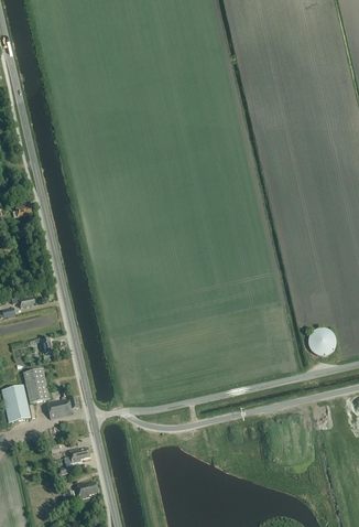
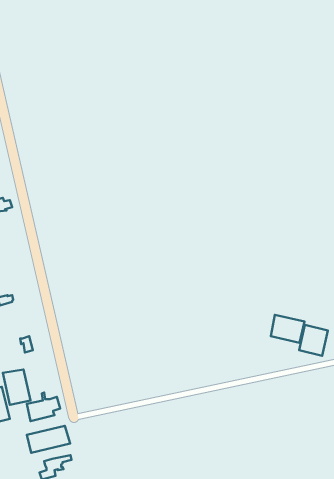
building: none -> [271,315,304,343]
building: none -> [27,426,70,453]

